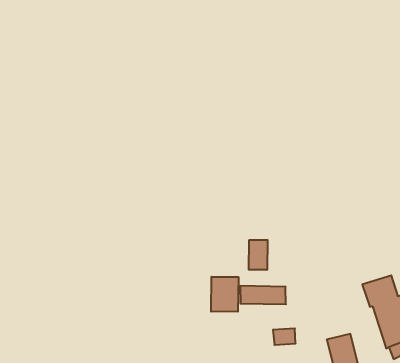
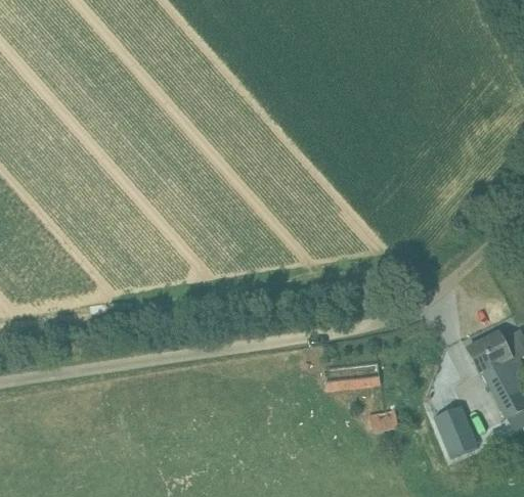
building: [249,240,268,270] -> none
building: [211,277,238,312] -> none

